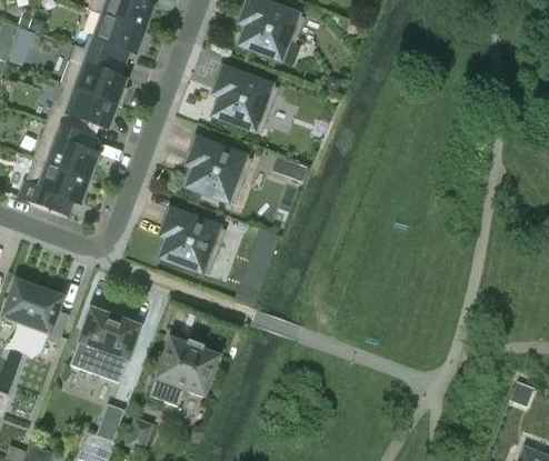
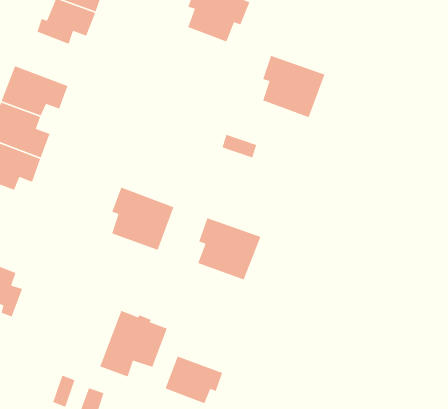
building: [60,44,128,106] -> none
building: [212,67,278,132] -> [262,55,325,118]
building: [186,138,252,203] -> [197,217,261,281]
building: [69,307,140,382] -> none
building: none -> [165,356,223,404]

